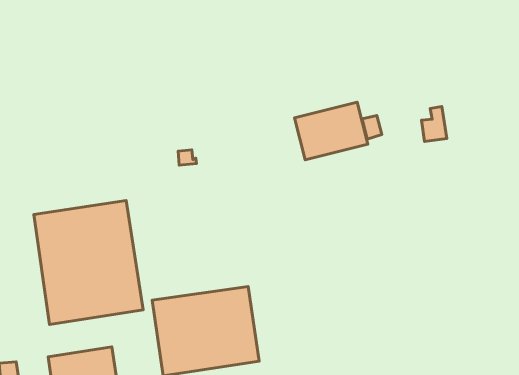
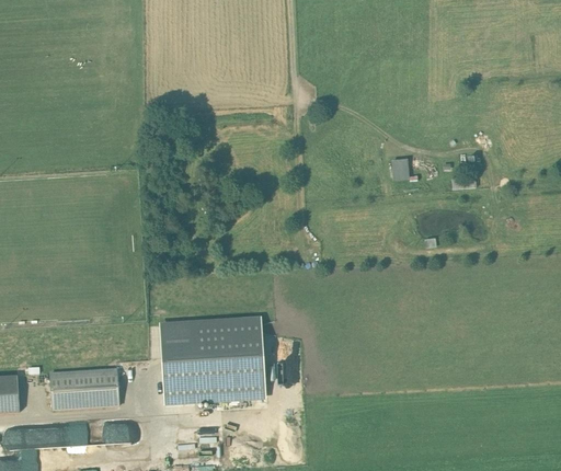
building: [295,102,368,160] -> none
building: [34,200,143,324] -> none

